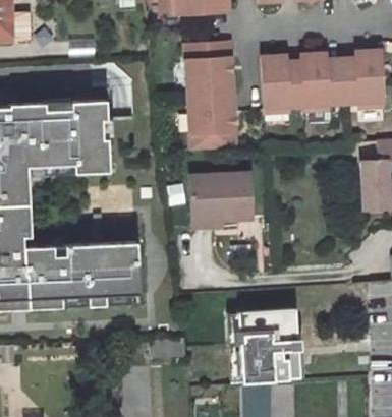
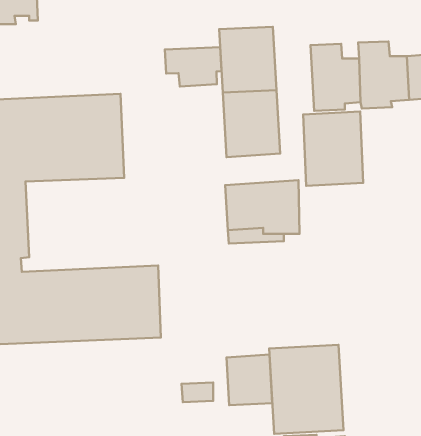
building: none -> [165,47,222,87]
building: none -> [303,111,363,186]
building: none -> [226,355,272,405]

